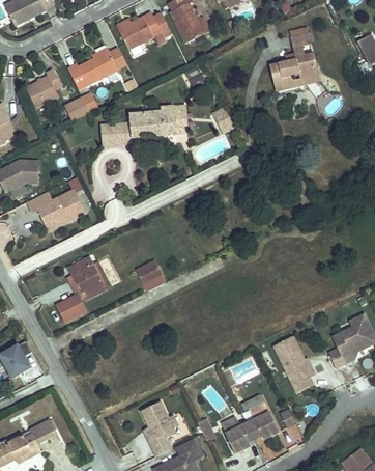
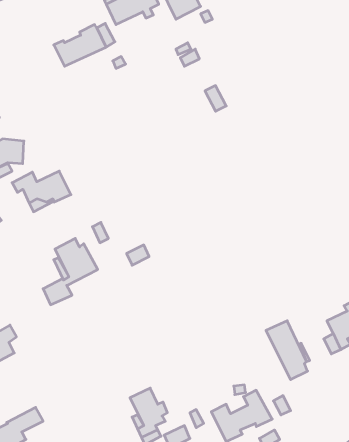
building: [271,34,319,89] -> none
building: [25,67,61,107] -> none
building: [64,91,98,119] -> none
building: [100,105,188,144] -> none

